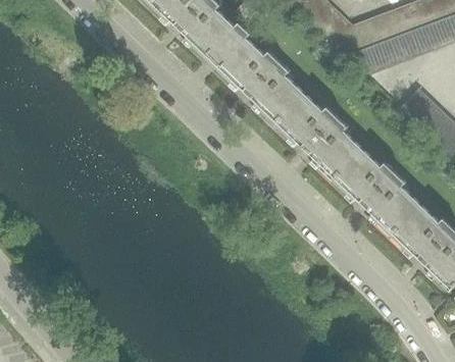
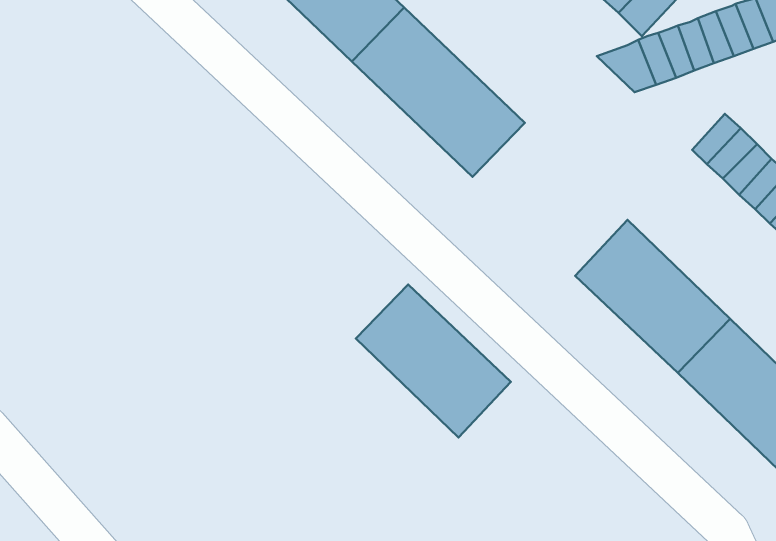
building: [276,91,364,177] -> [356,285,511,438]

